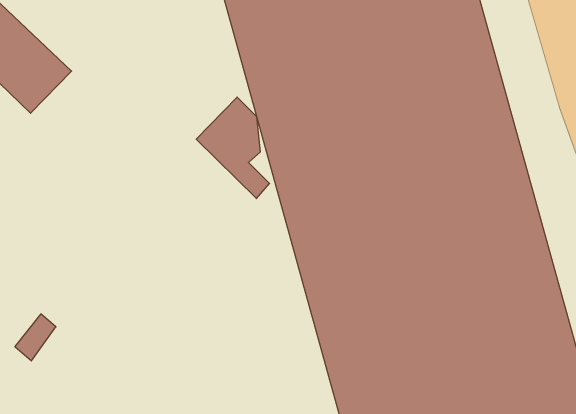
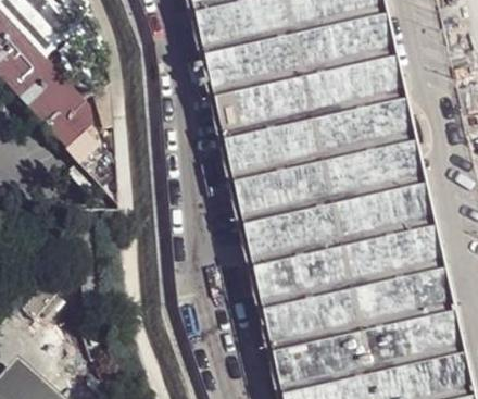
building: [196,97,270,199] -> [48,100,102,179]

